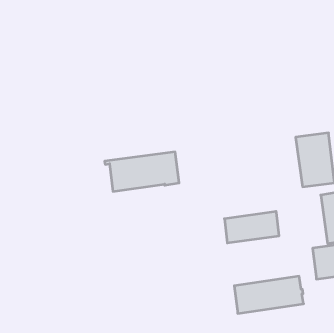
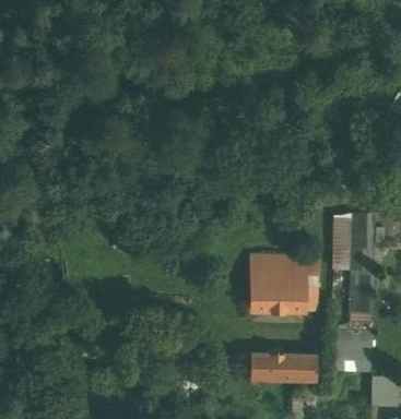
building: [105,152,179,191] -> [249,255,319,288]

